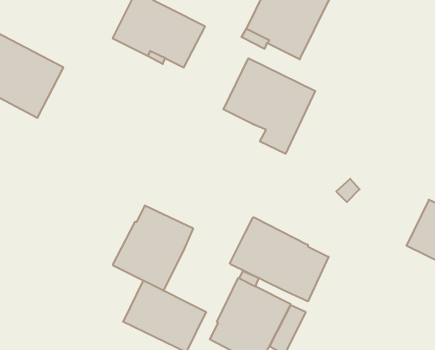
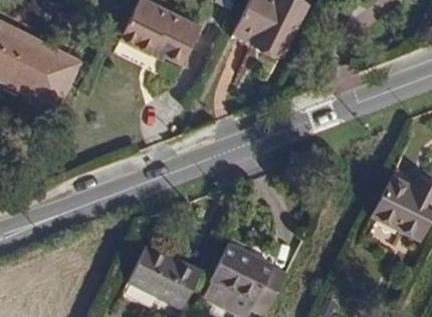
building: [223,58,315,154] -> none
building: [113,205,193,291] -> none
building: [230,217,329,301] -> none

